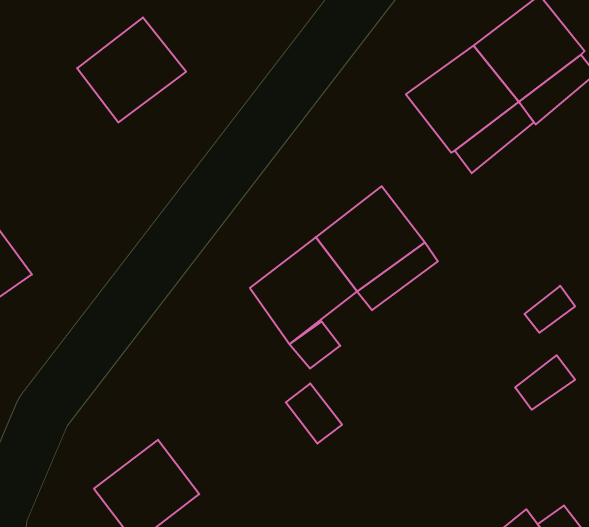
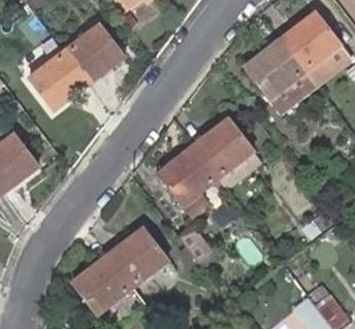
building: none -> [28,52,87,109]
building: none -> [108,228,167,286]

